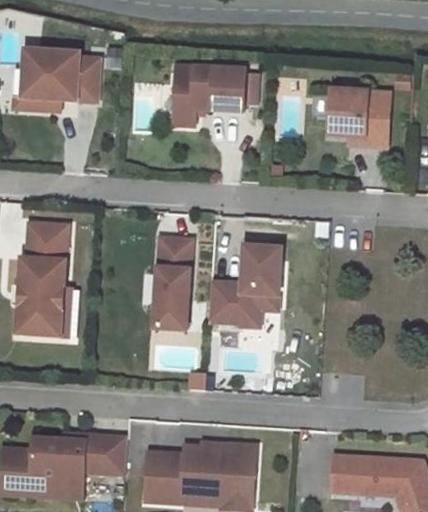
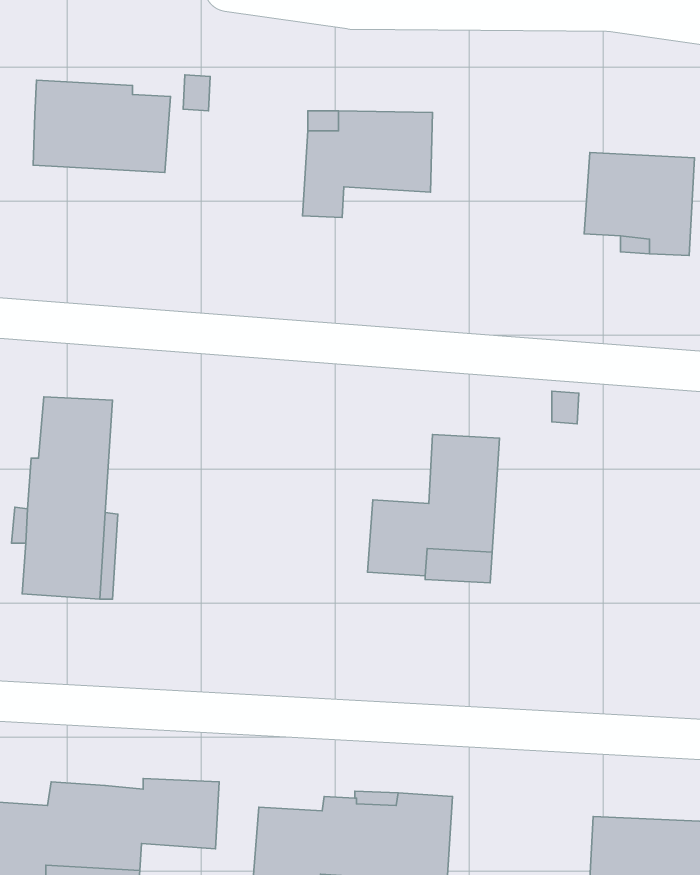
building: [15,67,61,109] -> none
building: [154,236,192,328] -> none

